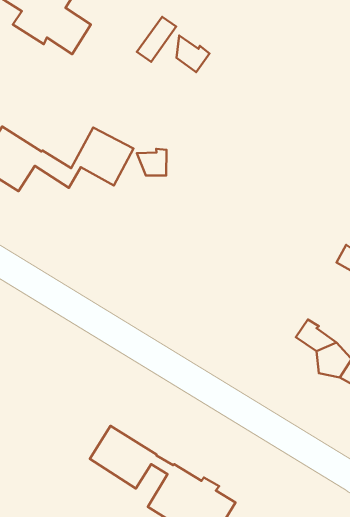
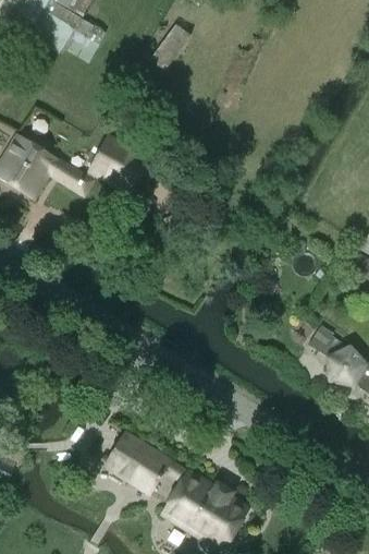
building: [177,36,209,72] -> none
building: [137,149,166,176] -> none

